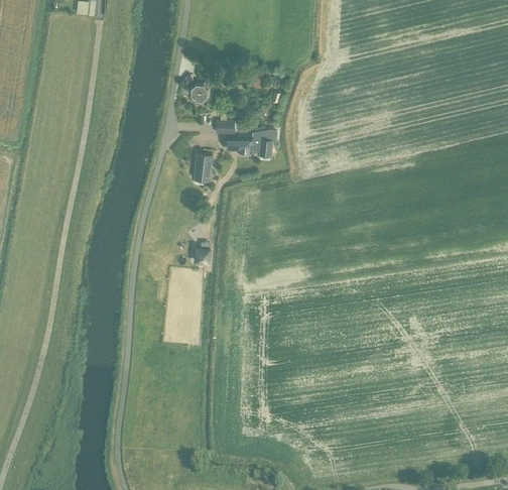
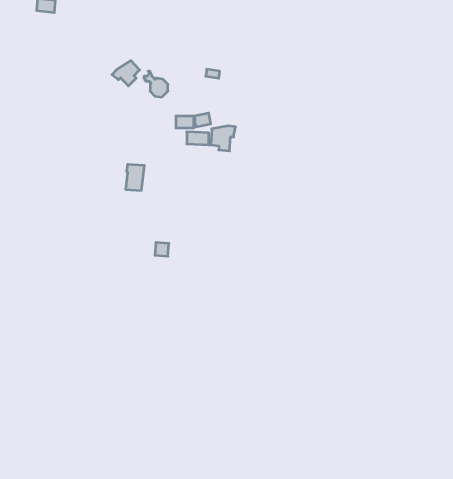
building: none -> [112,61,140,86]
building: [194,154,213,180] -> [126,164,144,190]

